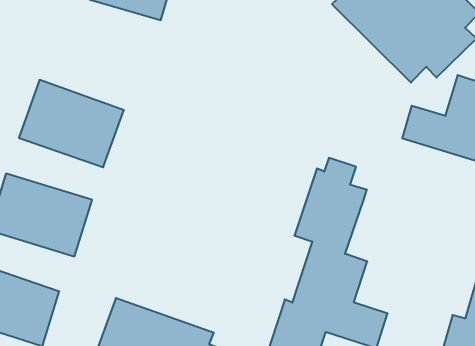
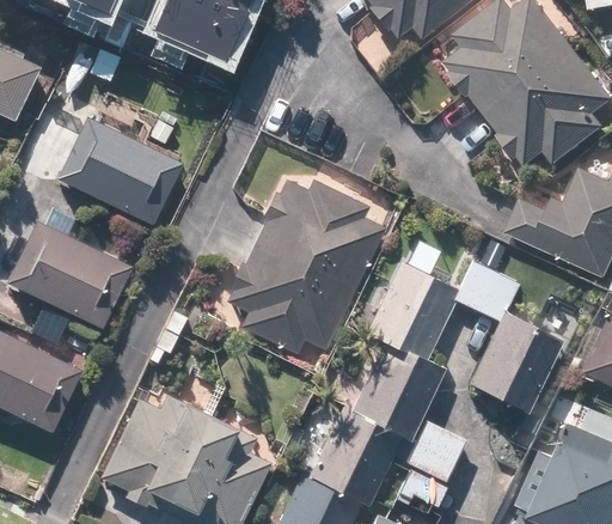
building: none -> [226,177,385,354]
building: none -> [451,258,568,418]

